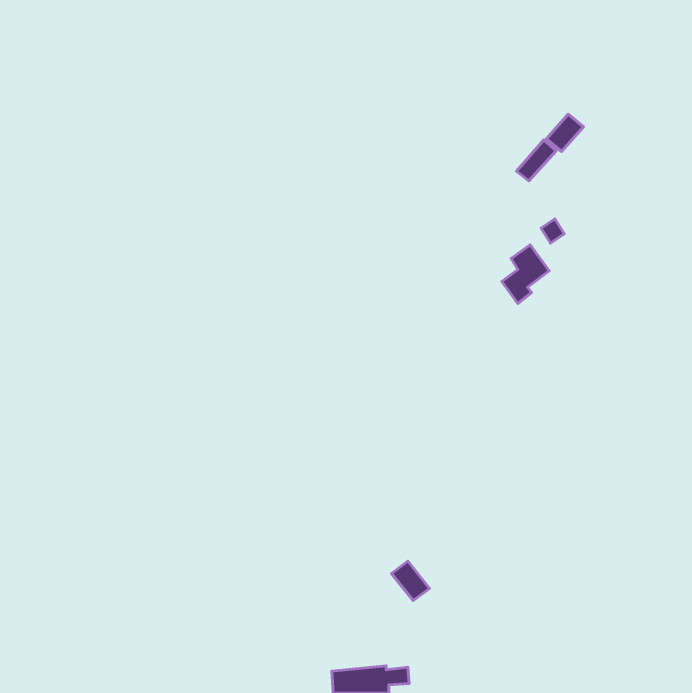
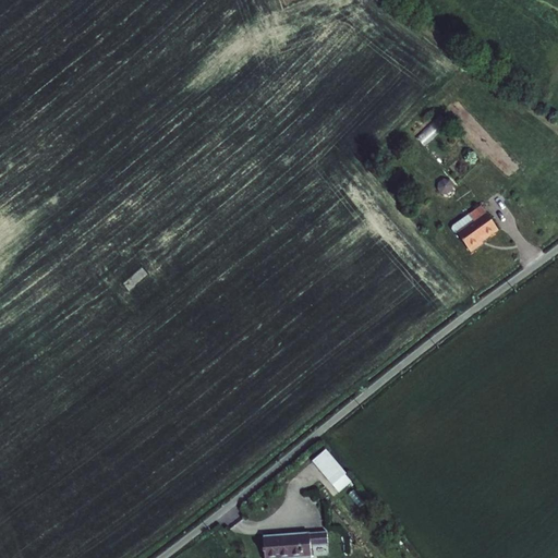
building: [546,114,583,151] -> none
building: [502,245,549,303] -> [457,205,495,252]

